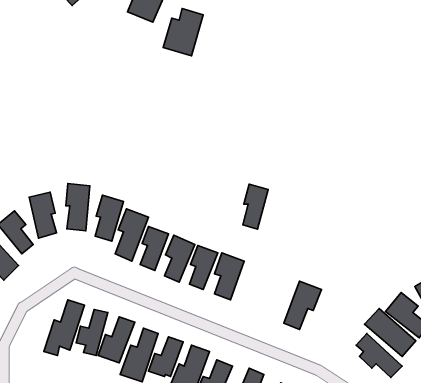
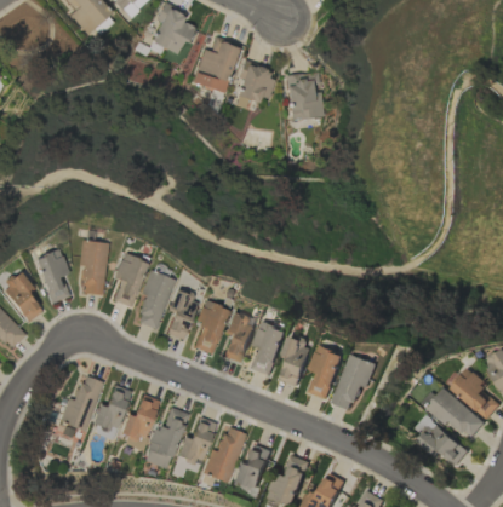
building: none -> [234,62,275,109]
building: none -> [286,74,325,120]
building: [243,184,268,229] -> [281,334,310,386]
building: none -> [308,344,343,398]

